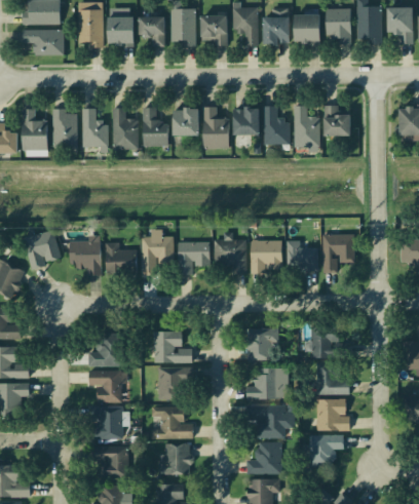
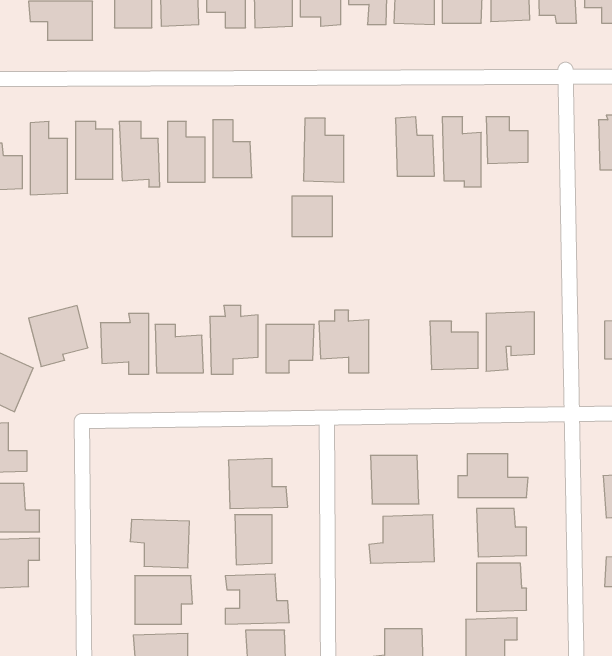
building: [233,108,259,135] -> none
building: [173,109,199,135] -> [292,196,332,237]
building: [250,240,281,275] -> none
building: [87,334,121,366] -> none
building: [245,405,293,438] -> none

